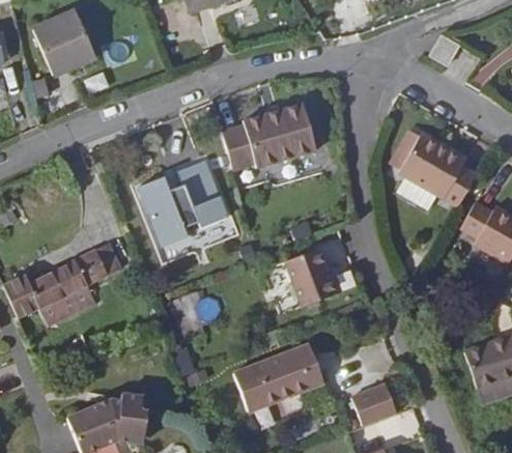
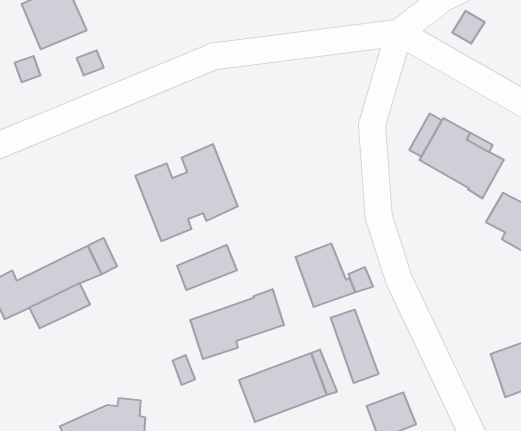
building: [222,105,316,172] -> none
building: none -> [177,245,237,290]
building: none -> [190,289,284,359]
building: none -> [331,309,378,383]

